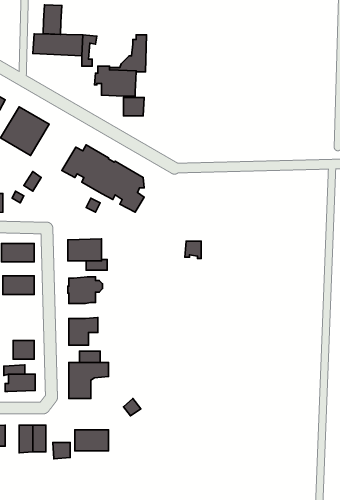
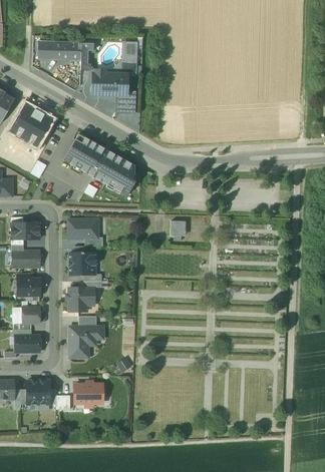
building: [43,5,62,34] -> none
building: none -> [17,279,39,295]

